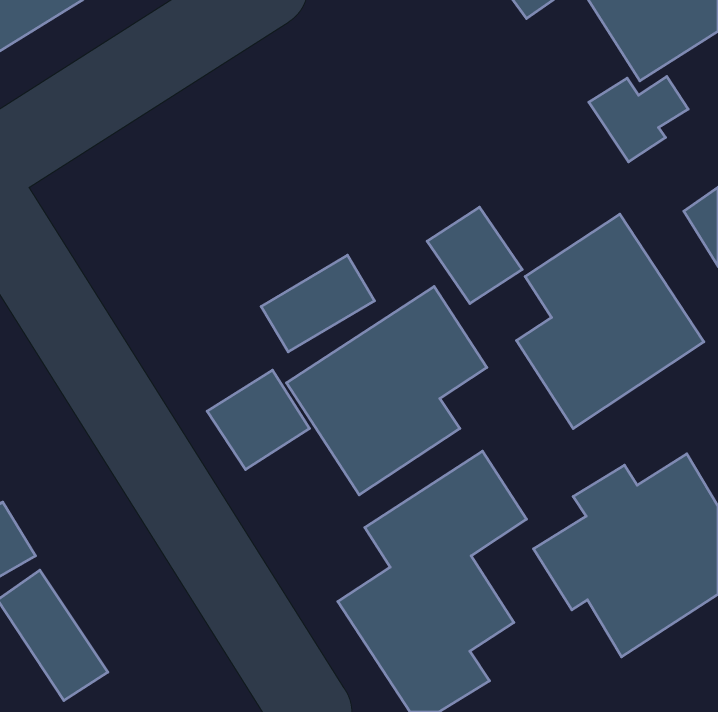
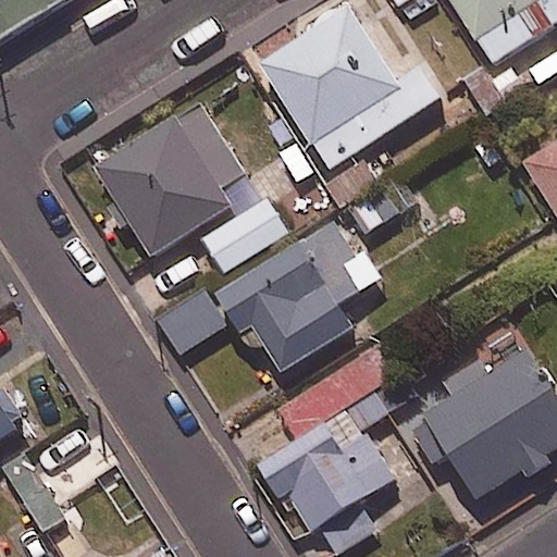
building: none -> [259,7,440,170]
building: none -> [95,103,245,259]
building: [516,214,704,428] -> none

